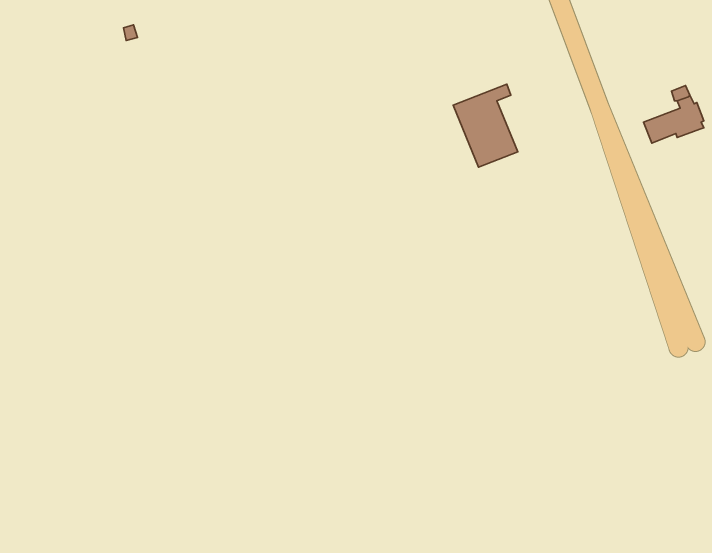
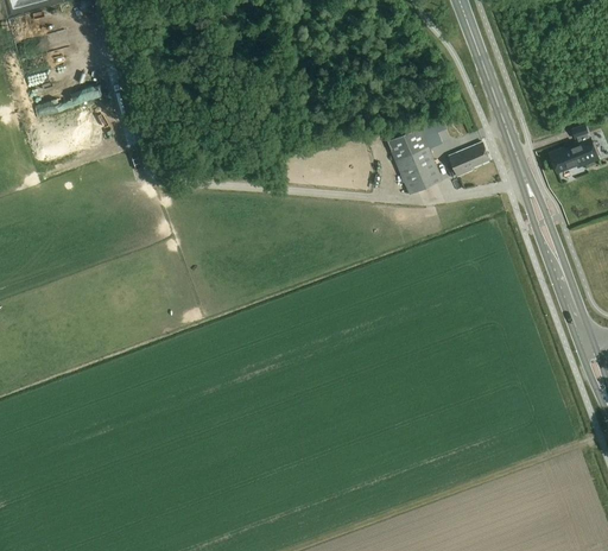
building: none -> [448,142,488,177]

